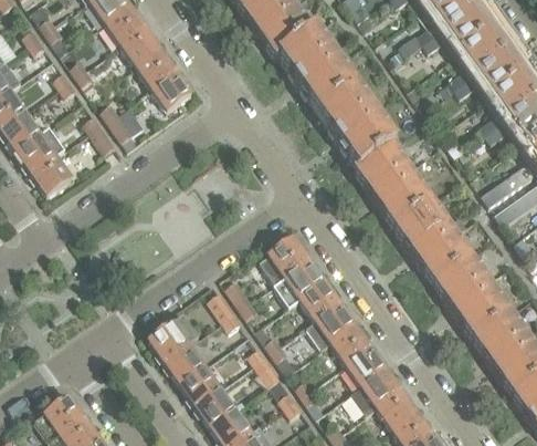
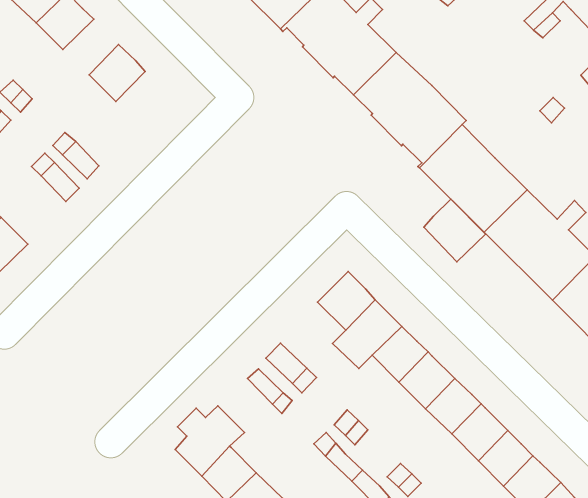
building: [122,27,161,65] -> none
building: [152,70,192,115] -> none
building: none -> [424,199,486,262]

